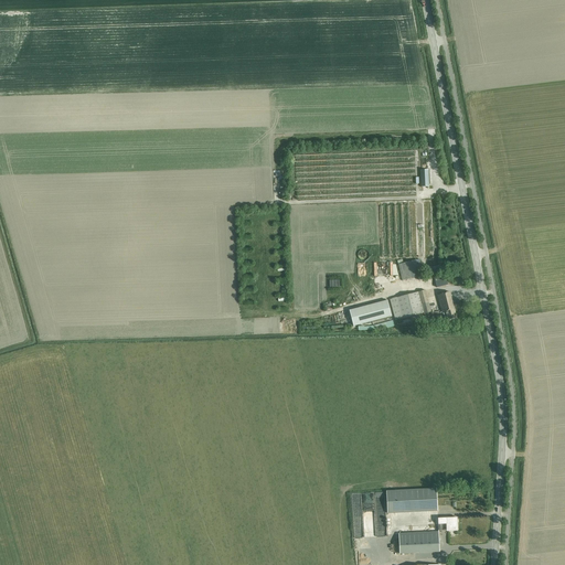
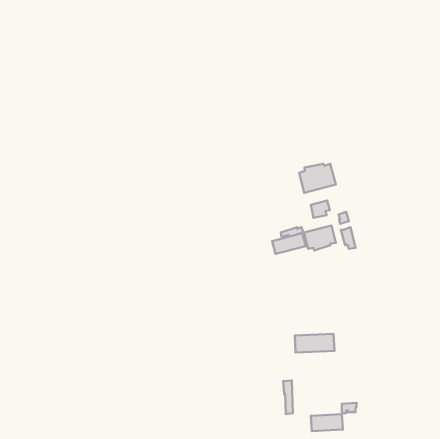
building: none -> [299,164,336,193]
building: [386,488,437,512] -> [295,334,334,353]

